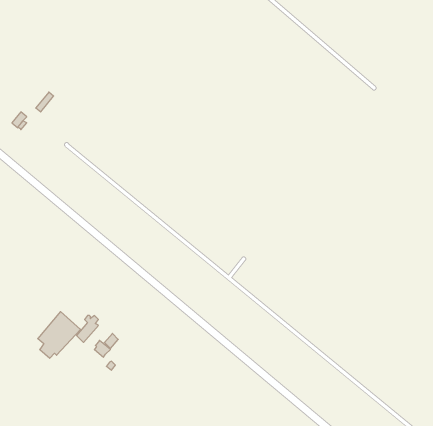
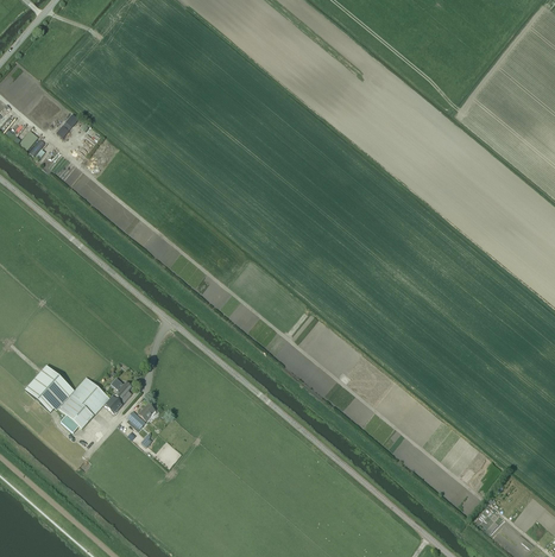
building: none -> [25,363,71,411]

